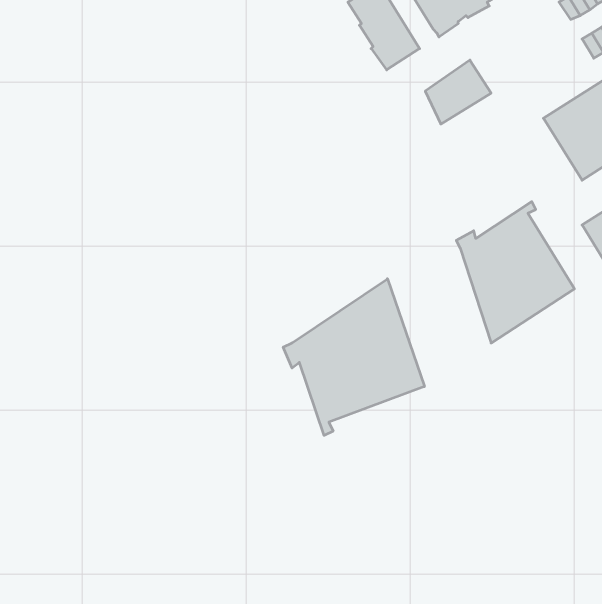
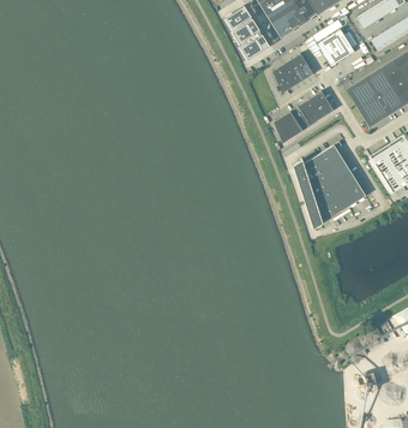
building: none -> [318,29,355,66]
building: none -> [276,90,335,141]
building: [283,279,424,435] -> none

